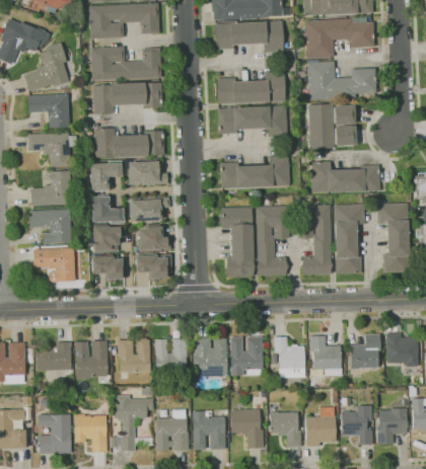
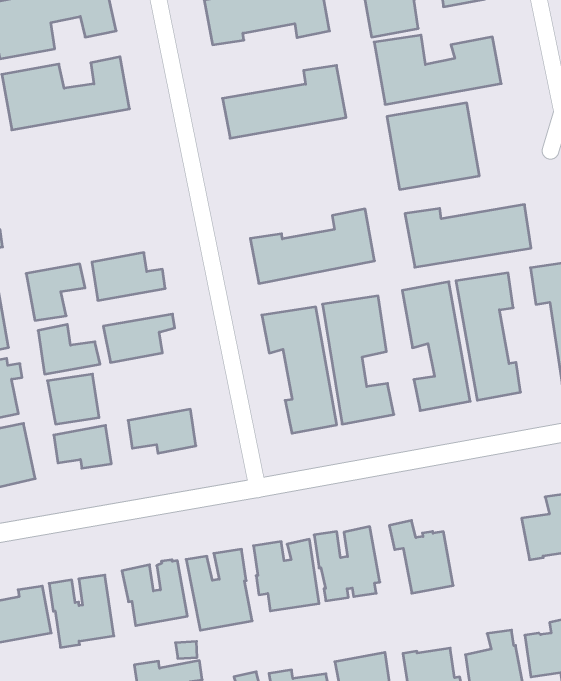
building: [93,82,163,113] -> none
building: [216,105,286,135] -> none
building: [95,128,164,158] -> none
building: [136,226,170,250] -> none
building: [309,335,343,376] -> none

